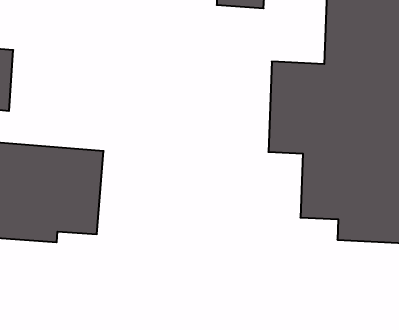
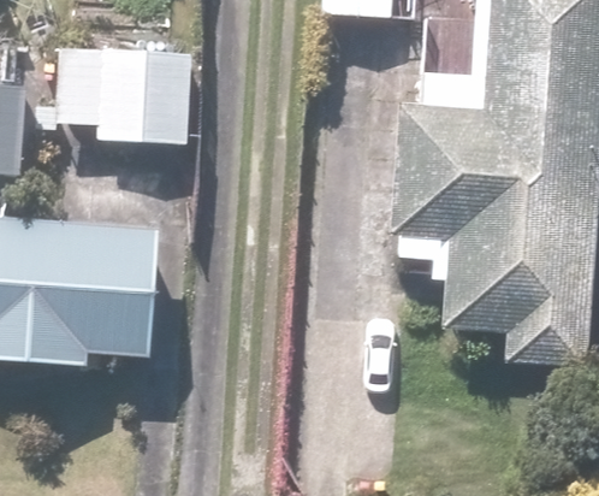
building: none -> [54,49,185,146]

